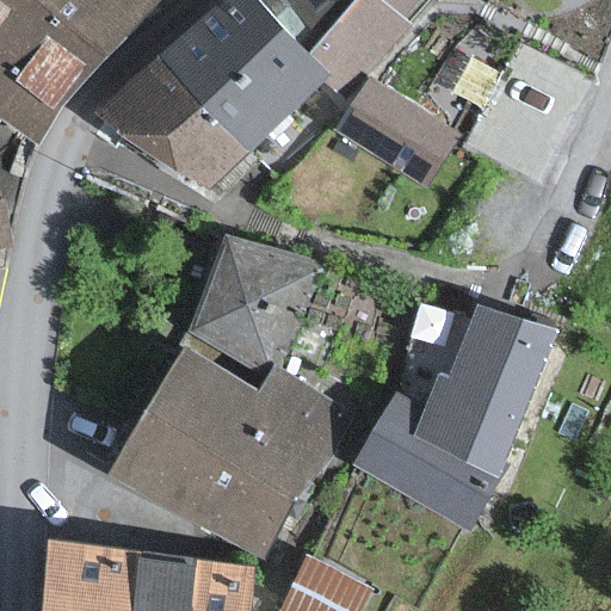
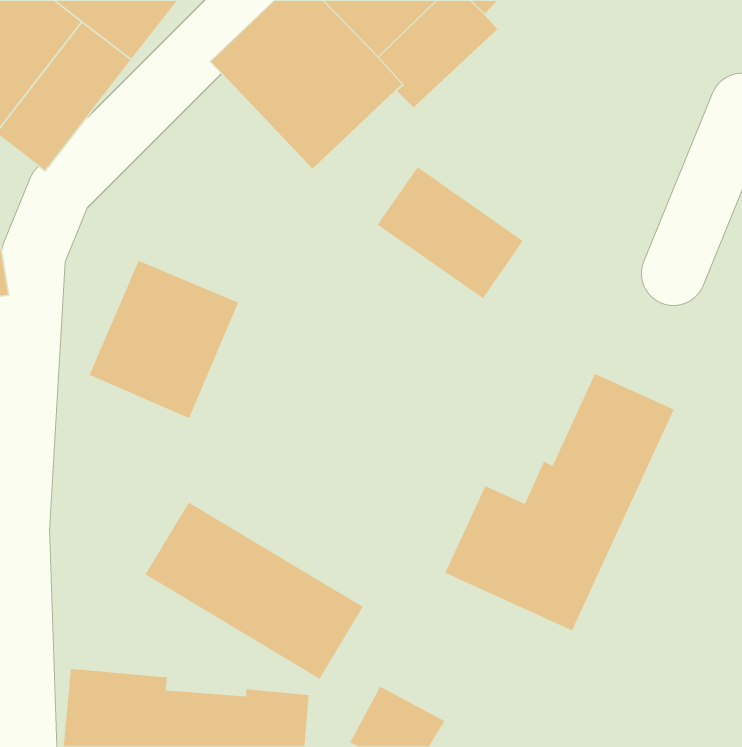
building: [110,50,255,179] -> none
building: [335,73,456,181] -> [376,166,524,299]
building: [185,241,308,371] -> [89,260,239,419]
building: [154,353,345,495] -> none

